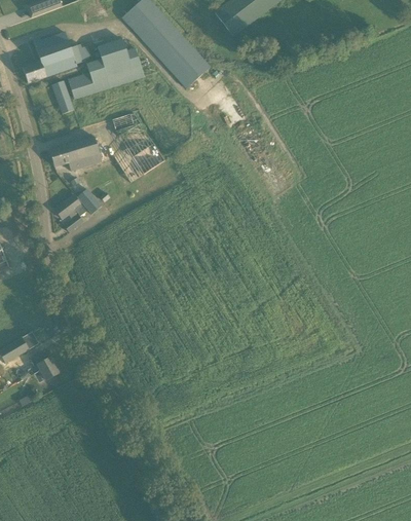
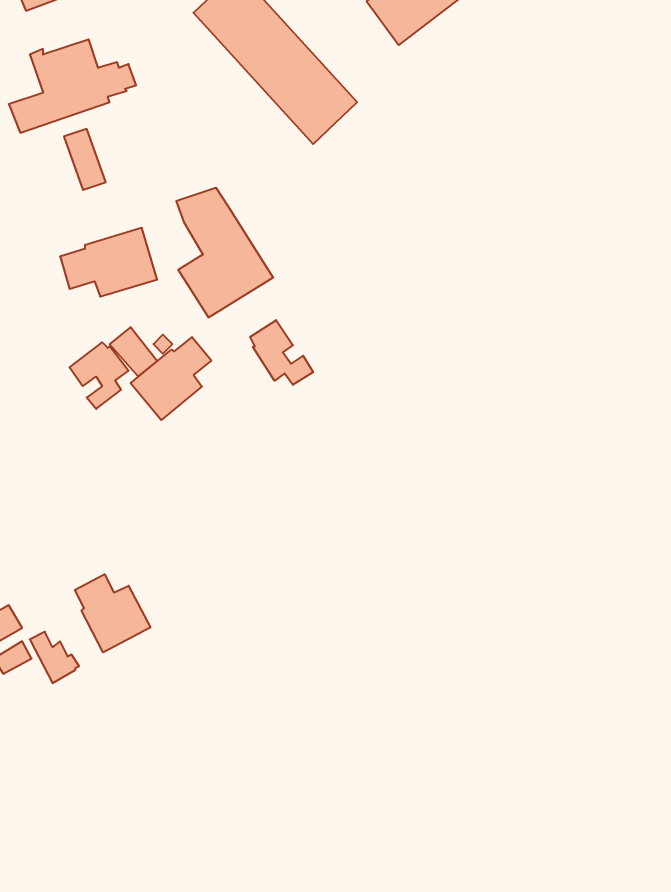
building: [68,38,144,99] -> none
building: none -> [250,320,313,385]
building: none -> [131,337,211,420]
building: none -> [75,574,150,652]

